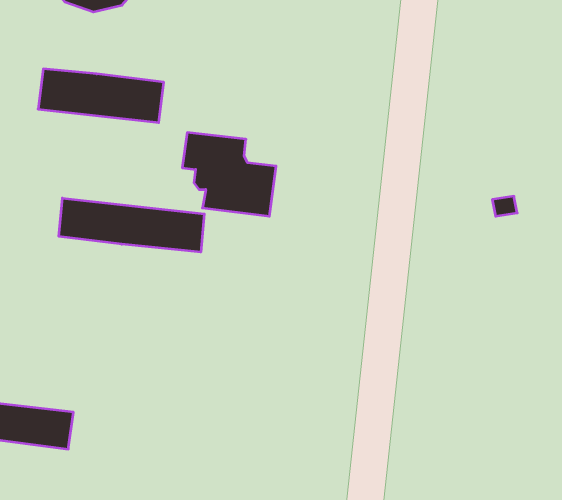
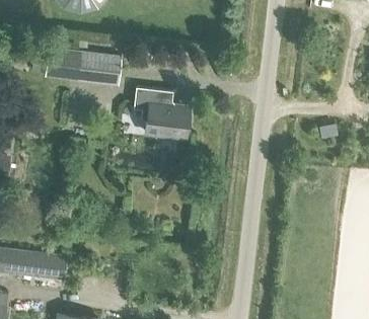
building: [59,198,204,252] -> none

